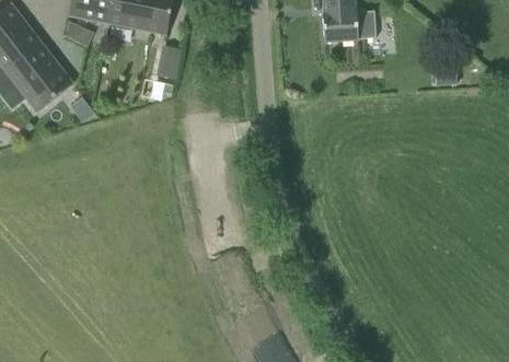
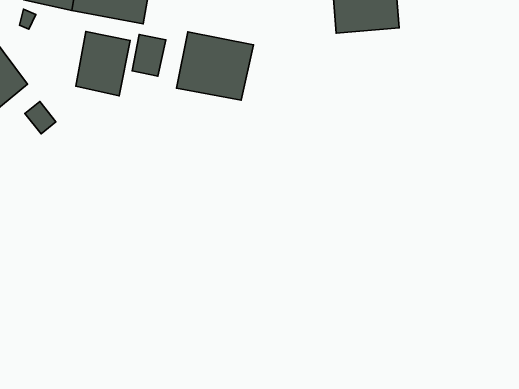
building: none -> [76,32,130,96]
building: none -> [176,32,253,100]

